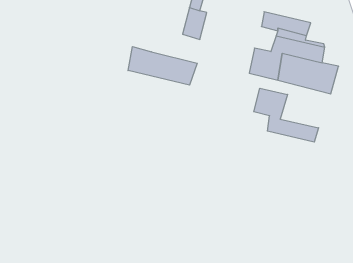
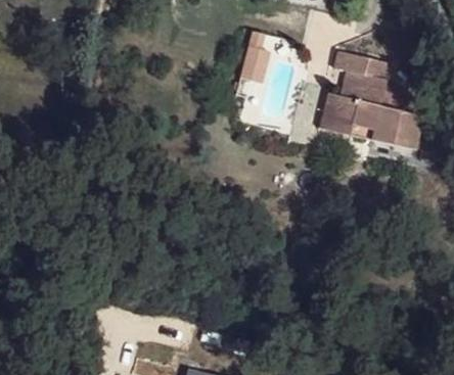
building: [128,47,197,85] -> none
building: [254,88,319,142] -> none

